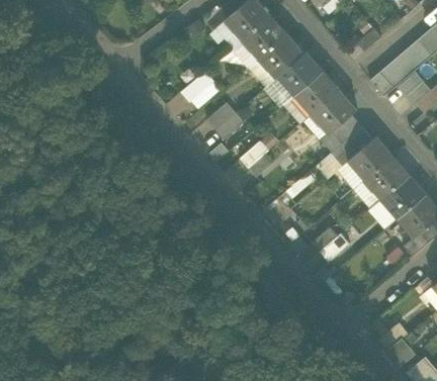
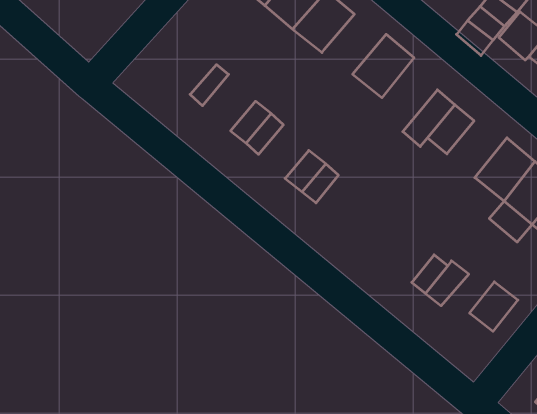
building: [278,54,322,96] -> none
building: [312,92,355,134] -> none
building: [349,137,391,180] -> none
building: none -> [470,282,518,331]

